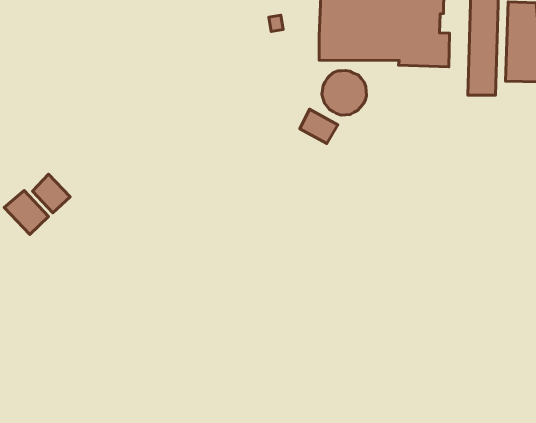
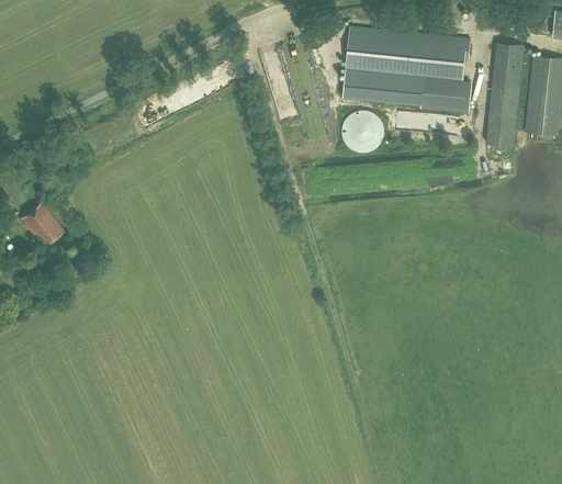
building: [300,109,338,144] -> none
building: [32,174,70,213] -> none

